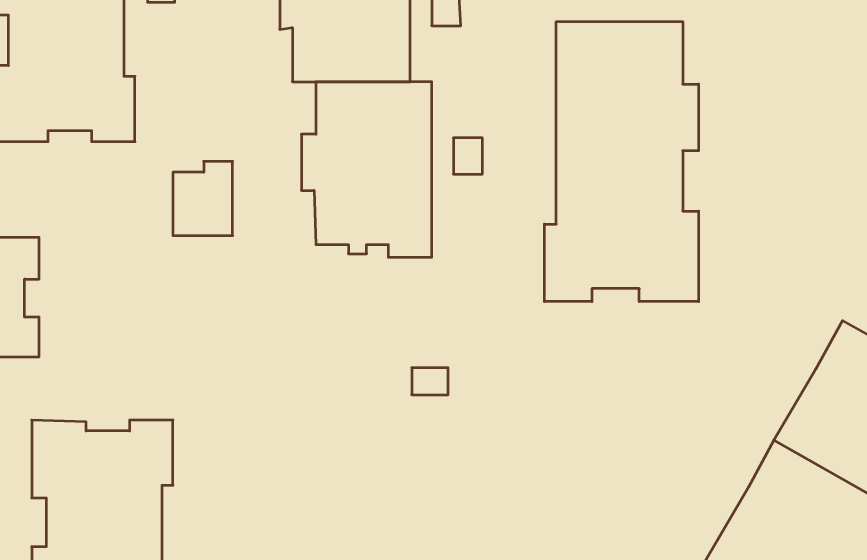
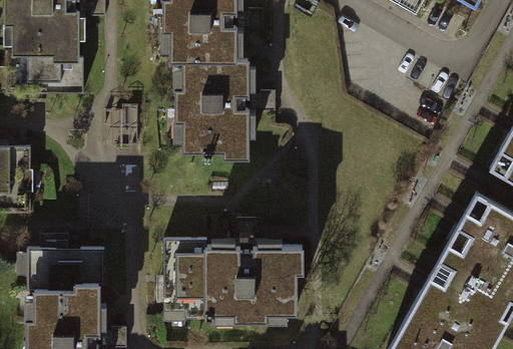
building: [544,22,699,302] -> none
building: none -> [163,238,303,318]

